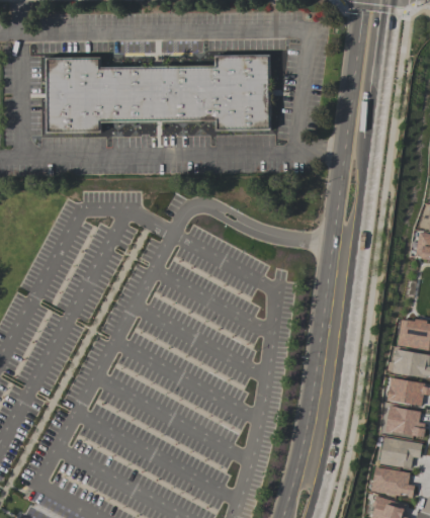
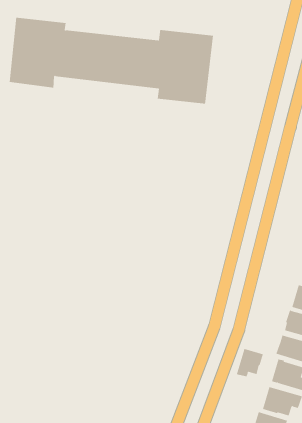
building: none -> [236,348,263,377]

